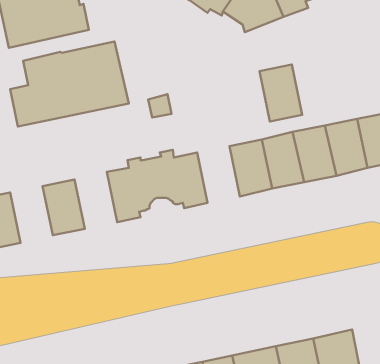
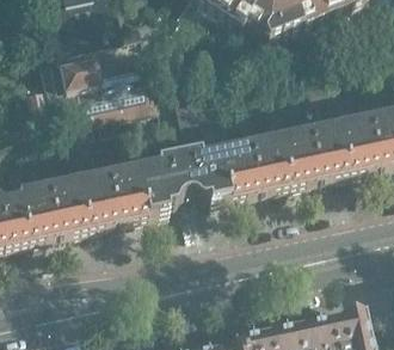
building: [259,65,302,121] -> [223,141,263,194]
building: none -> [110,165,149,217]
building: none -> [50,178,90,231]

